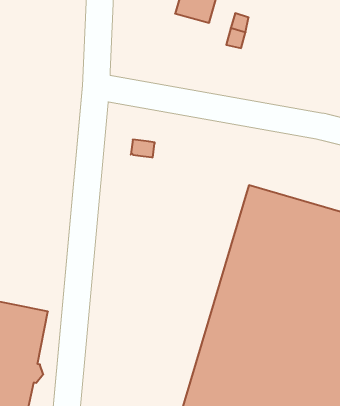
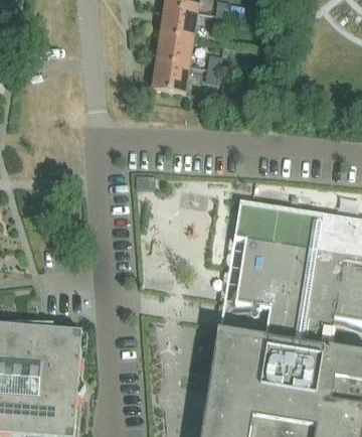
building: none -> [153,61,187,92]

